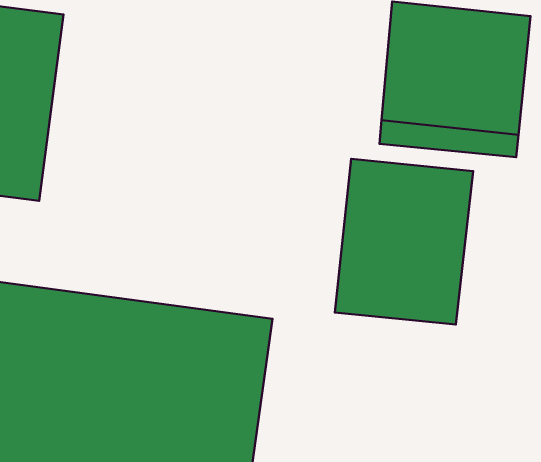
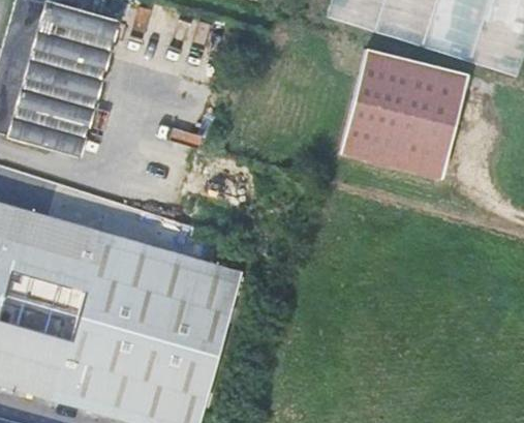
building: [335,159,473,324] -> none

